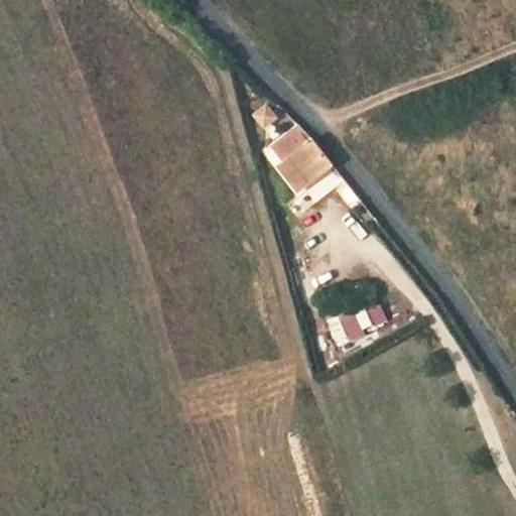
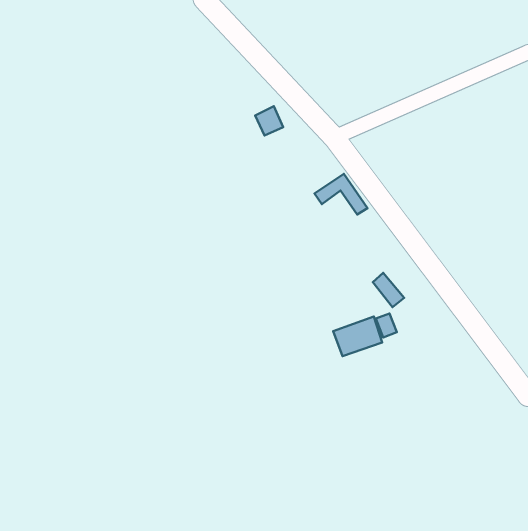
building: [286,137,331,178] -> none

